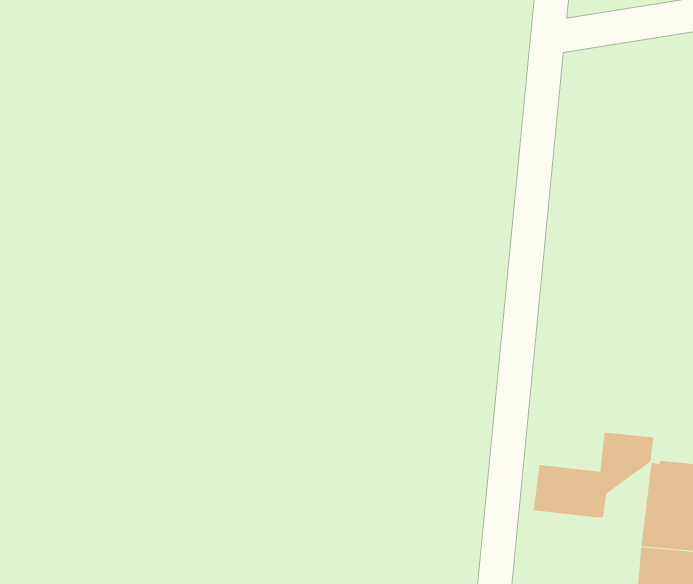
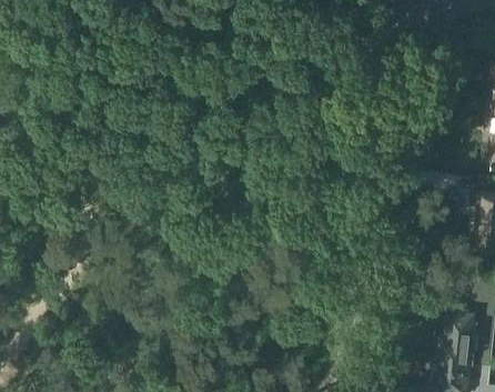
building: [533,431,654,518] -> none

